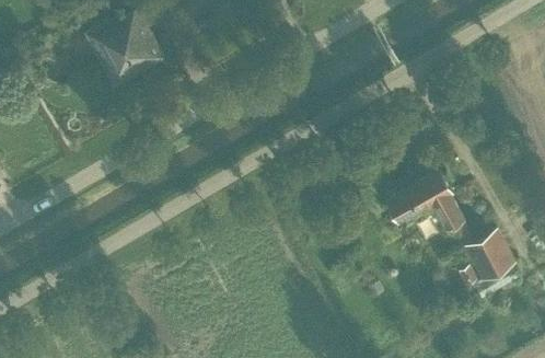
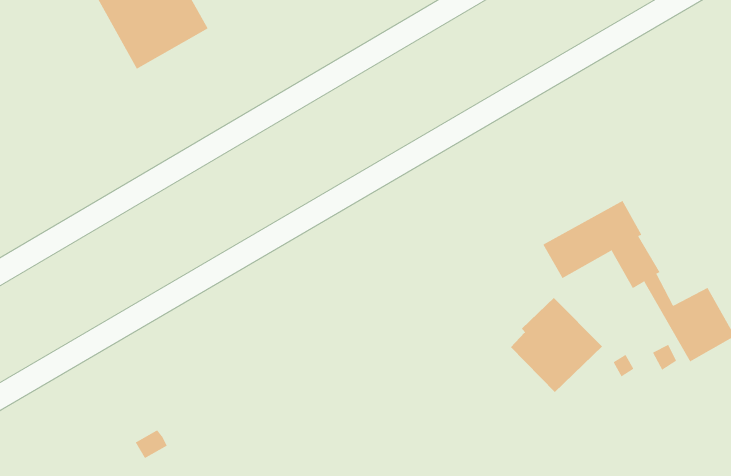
building: none -> [510,297,603,393]

